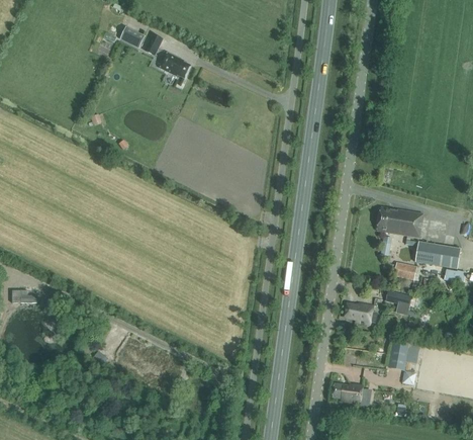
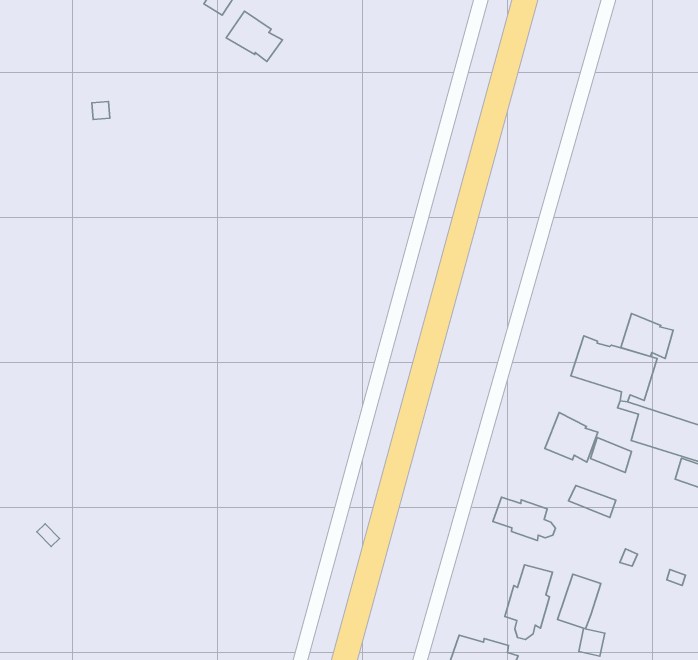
building: none -> [621,313,673,358]
building: none -> [545,413,598,462]
building: none -> [505,565,553,639]

